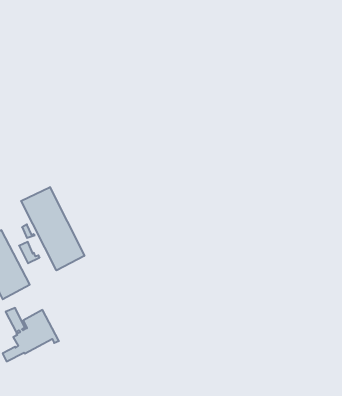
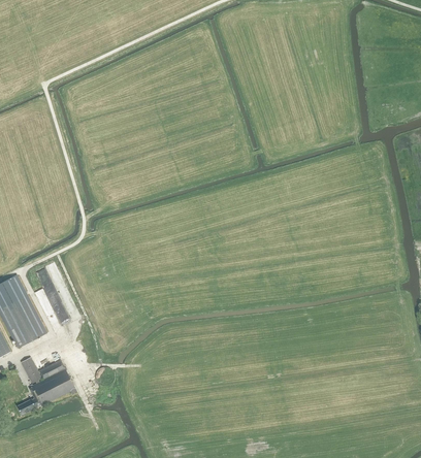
building: [21,187,84,270] -> none

